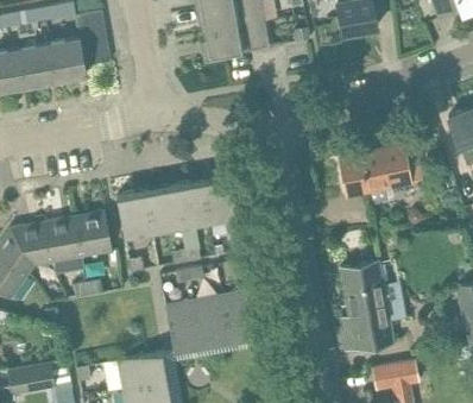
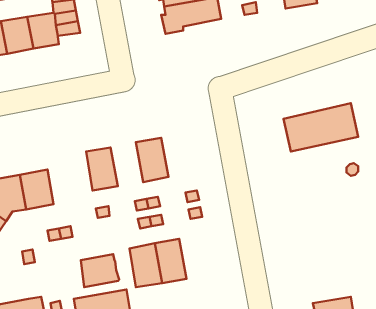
building: [202,177,239,226] -> none
building: [145,187,182,237] -> none
building: [74,212,113,257] -> none
building: [336,262,393,352] -> none
building: [222,291,260,341] -> none
building: none -> [81,254,119,287]

